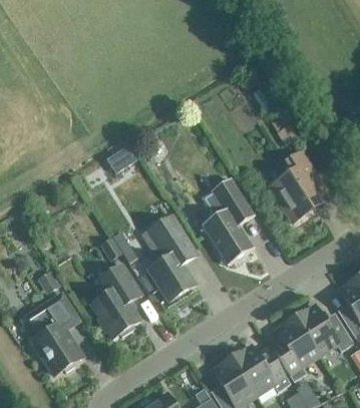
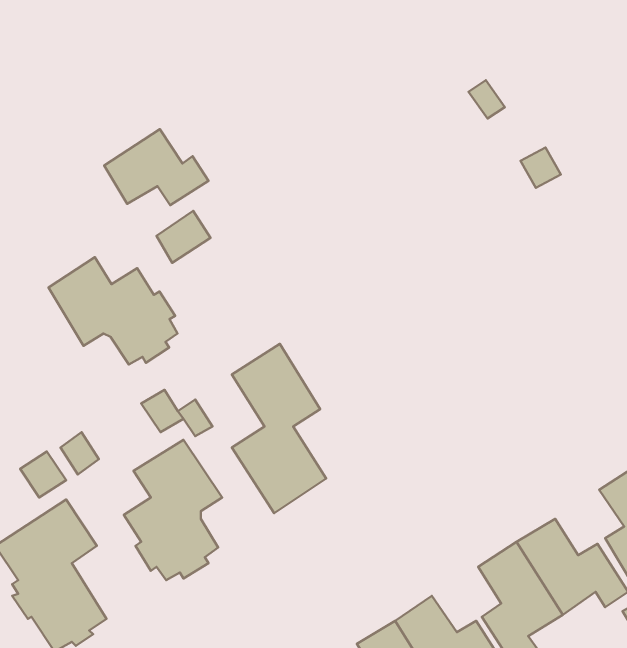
building: none -> [104,129,209,205]
building: [270,150,327,222] -> none
building: none -> [48,257,178,364]
building: [202,177,254,264] -> none

